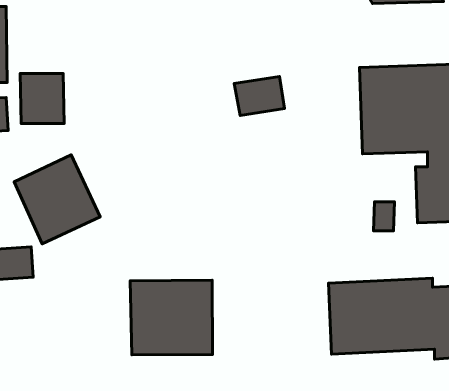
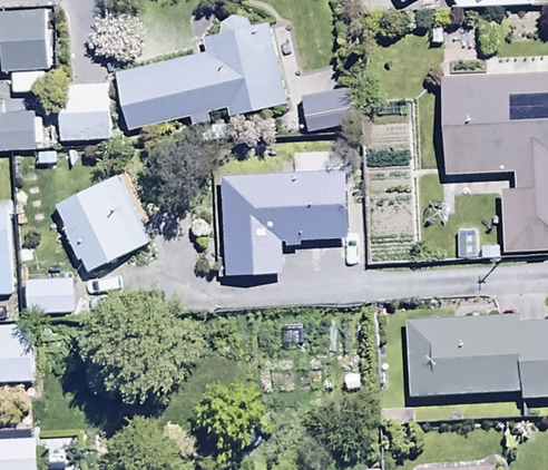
building: none -> [114,14,287,127]
building: none -> [217,170,349,274]
building: [130,280,213,355] -> none

